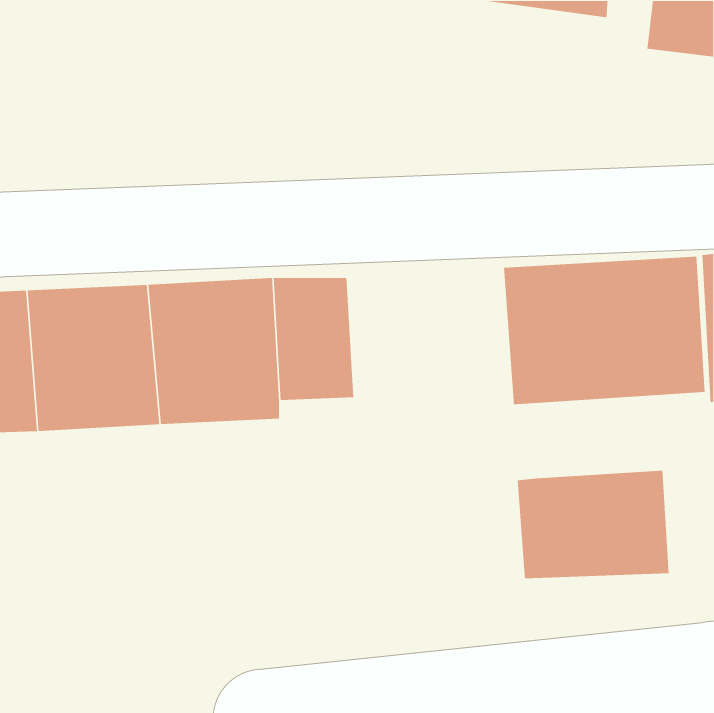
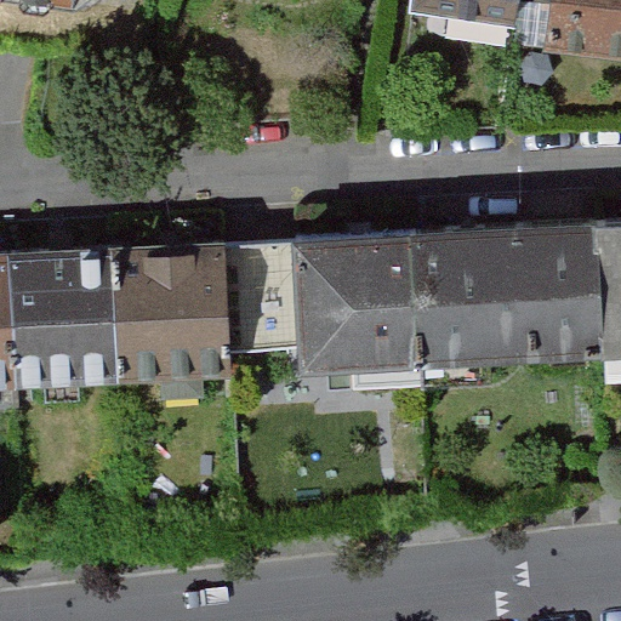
building: none -> [300,235,443,363]
building: [517,470,670,579] -> none

